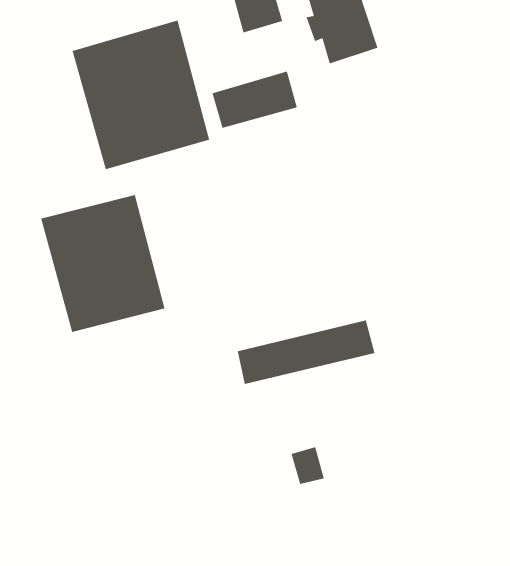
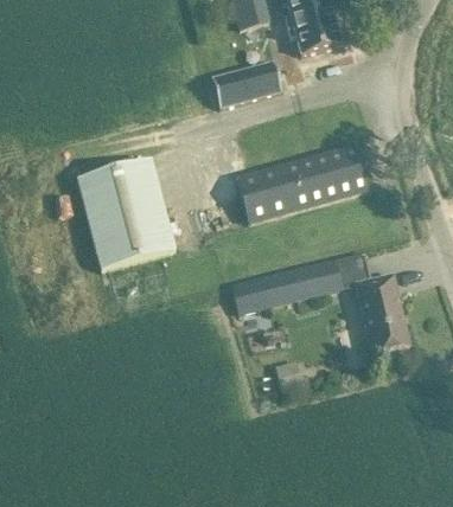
building: [72,20,210,170] -> none
building: none -> [238,145,375,222]
building: none -> [357,274,411,353]

